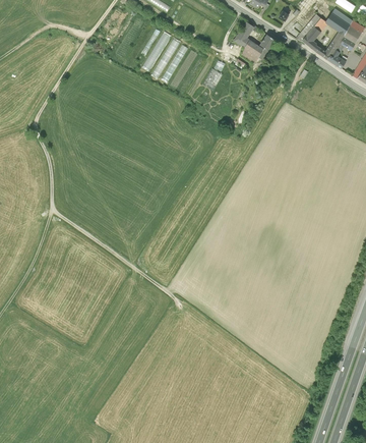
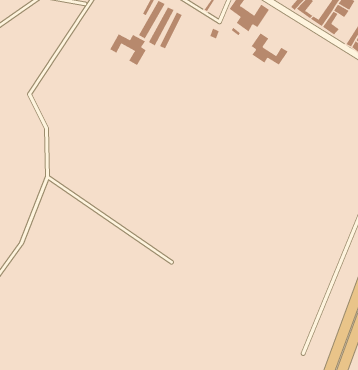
building: none -> [251,32,288,66]
building: none -> [109,34,147,66]

